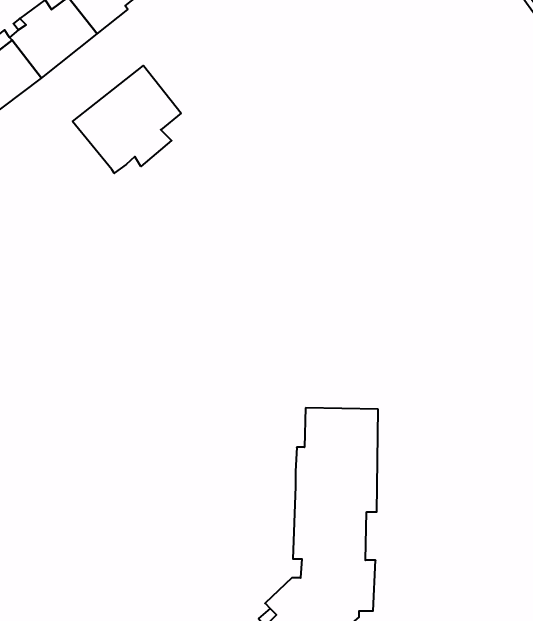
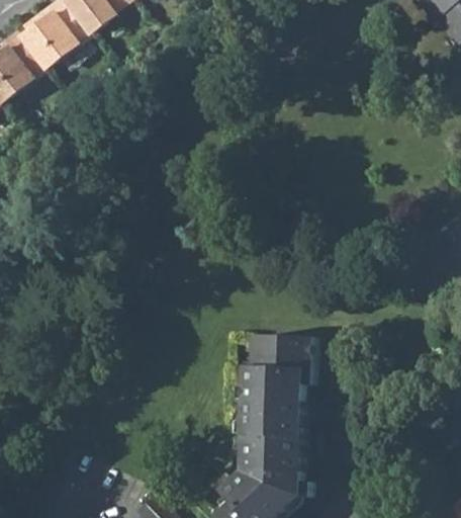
building: [73,66,181,173] -> none

